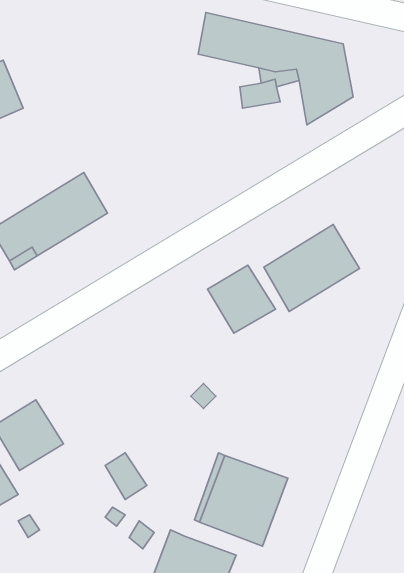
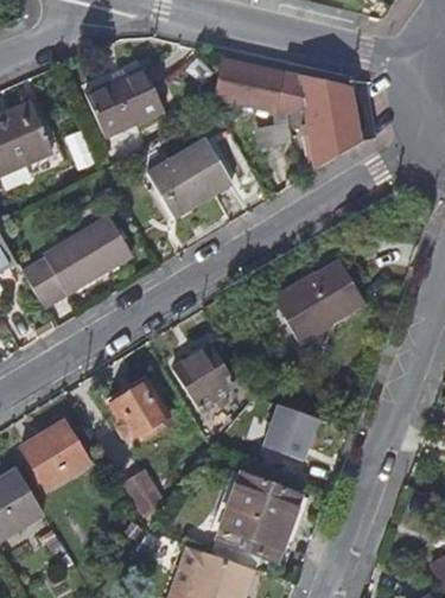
building: none -> [88,69,165,139]
building: none -> [148,142,231,220]
building: [207,265,275,333] -> [173,345,237,409]
building: none -> [112,382,169,437]
building: none -> [259,402,318,460]

